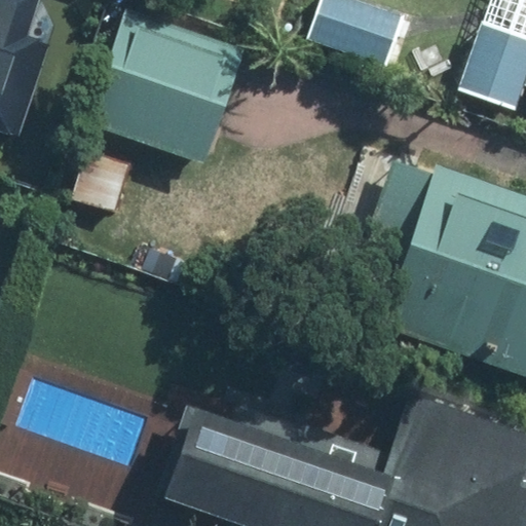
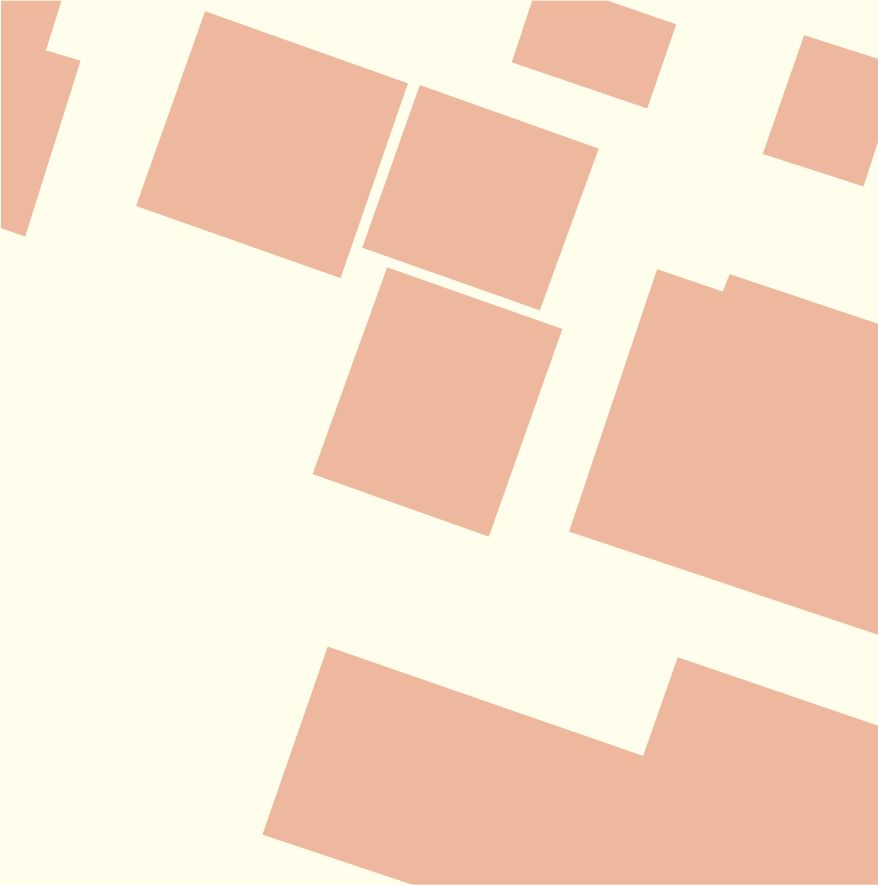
building: none -> [362,84,600,311]
building: none -> [312,267,563,538]

